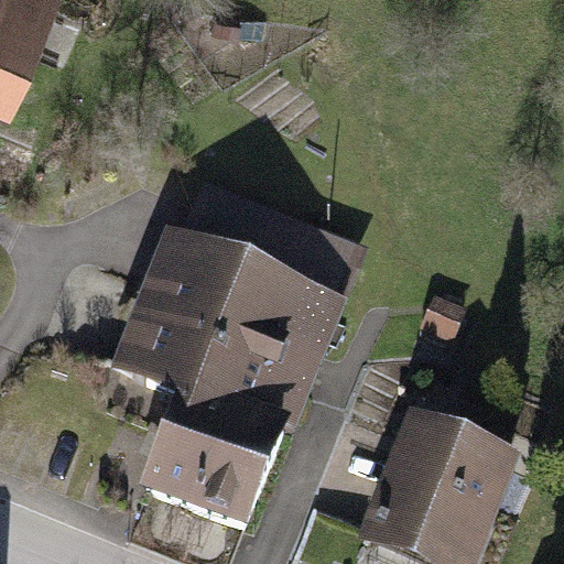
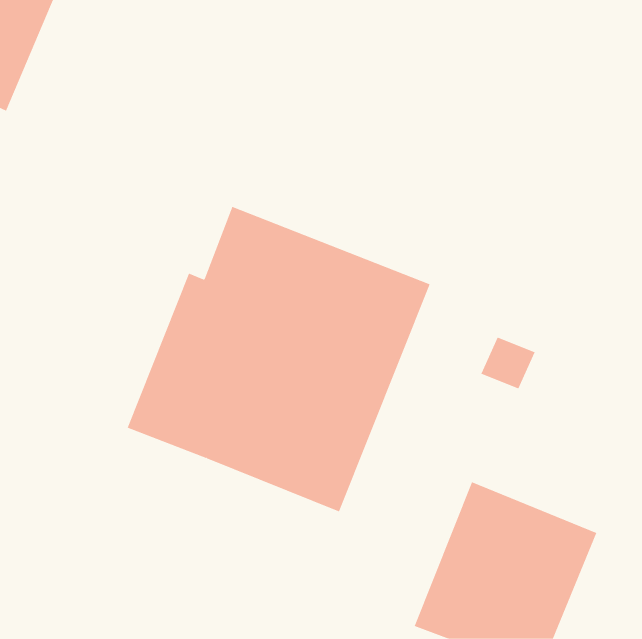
building: [137,394,292,539] -> none

